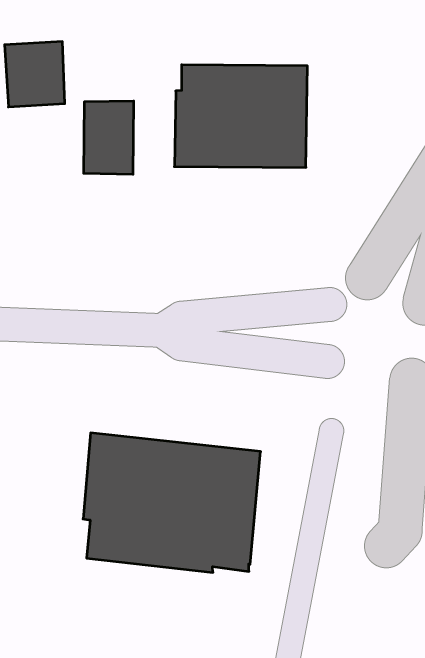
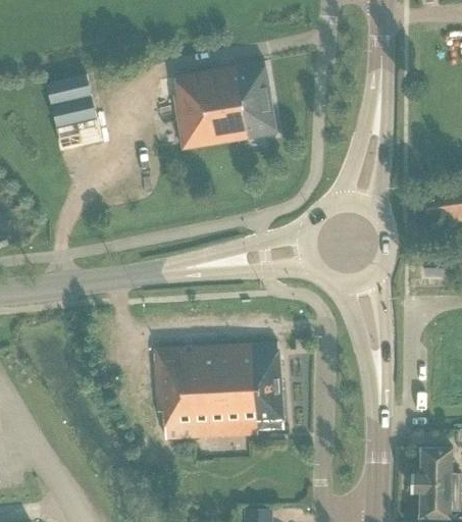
building: [84,101,134,174] -> none

